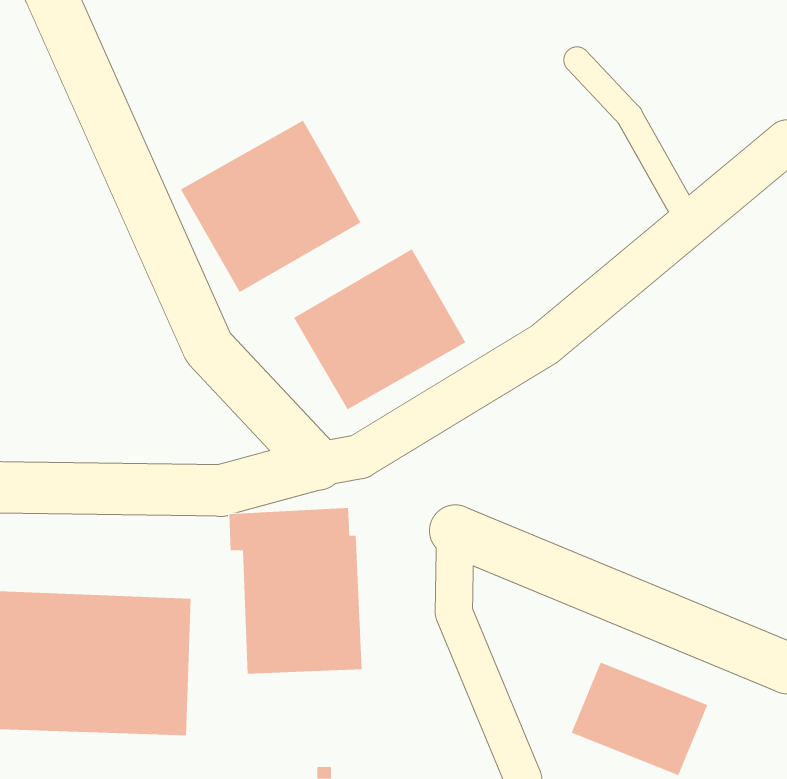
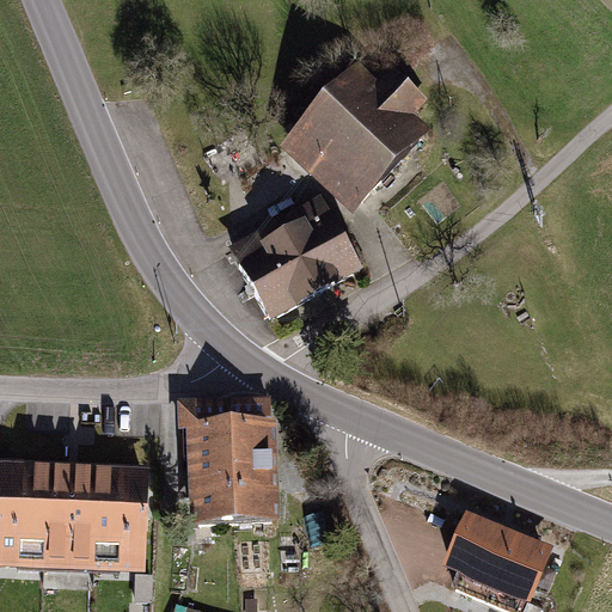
building: none -> [276,63,428,213]
building: [180,120,361,293] -> none

